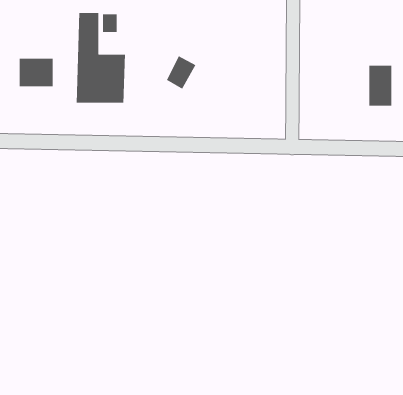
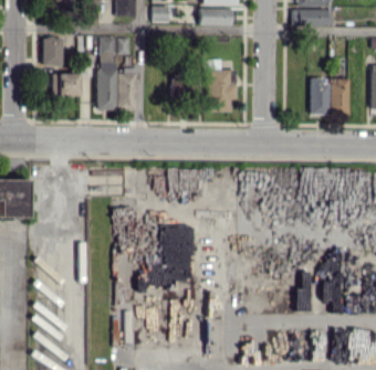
building: none -> [43,38,62,66]
building: none -> [207,68,236,112]
building: none -> [311,78,328,115]

